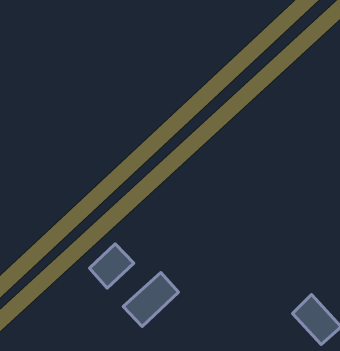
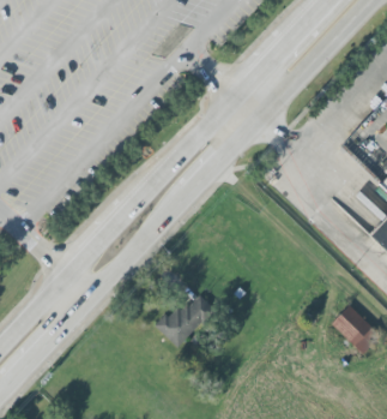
building: [89,244,134,288] -> none

